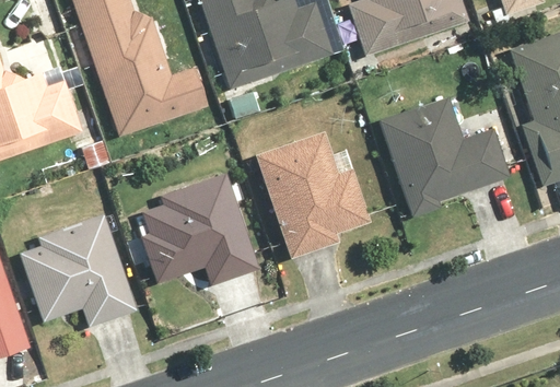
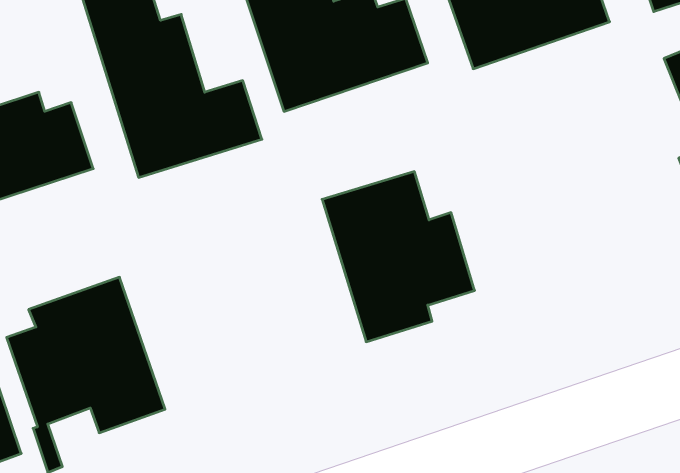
building: [381,98,505,216] -> none
building: [141,171,261,286] -> none

